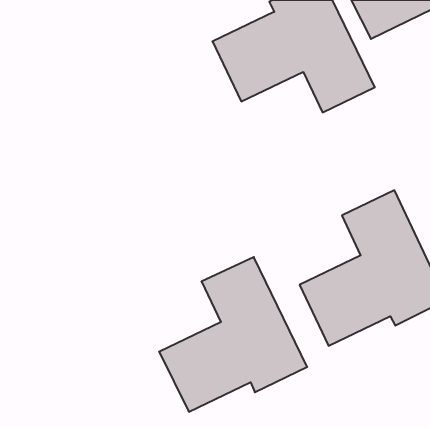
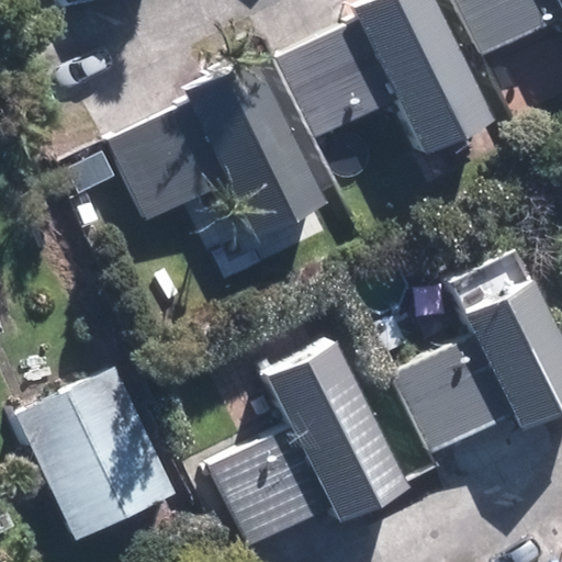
building: none -> [111,59,323,235]
building: none -> [19,364,178,539]

